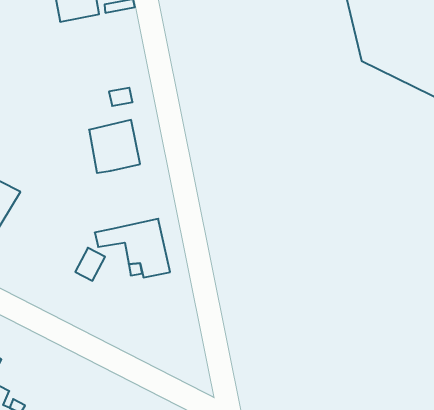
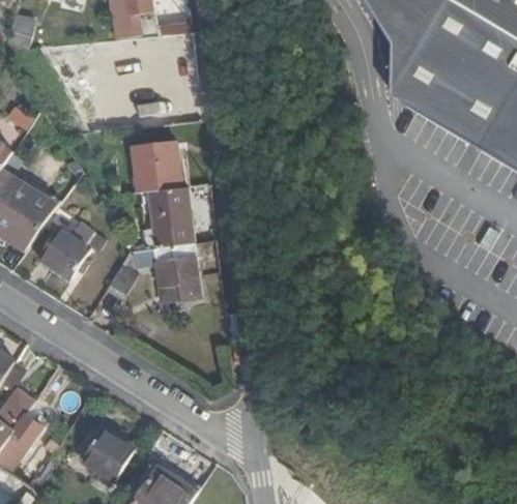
building: none -> [145,185,194,248]
building: none -> [44,223,94,277]

